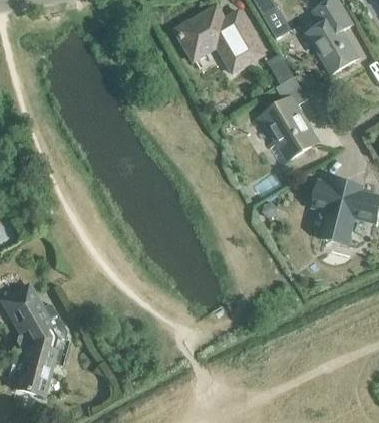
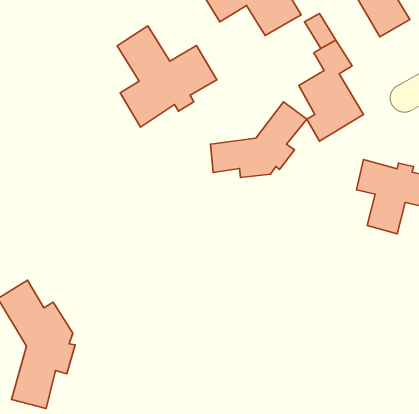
building: none -> [117,26,217,127]
building: none -> [210,102,307,177]

